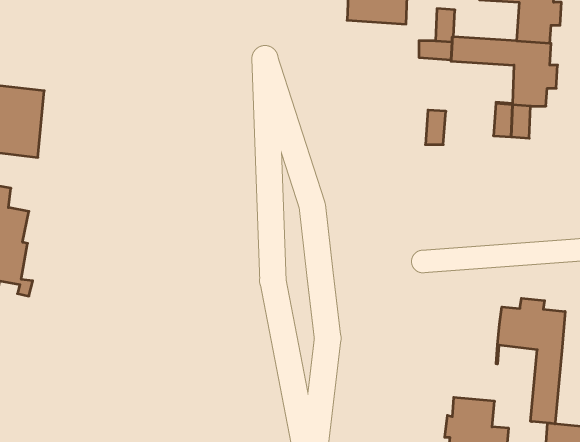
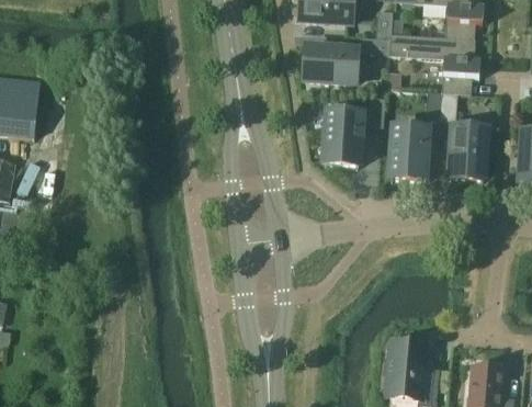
building: none -> [304,45,355,81]
building: none -> [324,111,361,163]
building: none -> [449,125,486,178]
building: none -> [389,126,427,179]
building: [496,298,565,424] -> none

